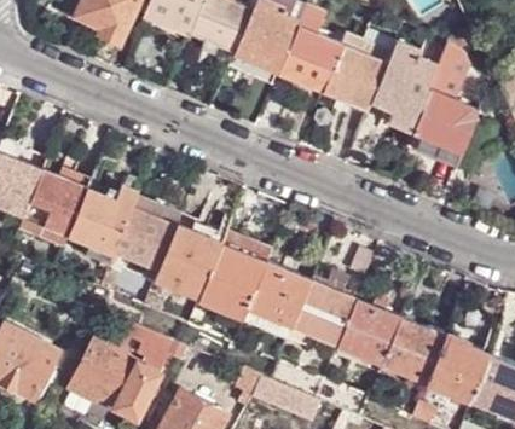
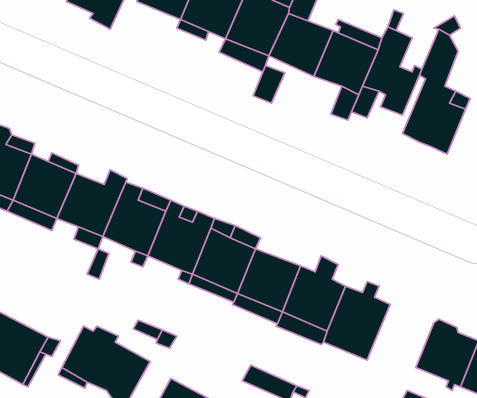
building: [378,317,442,379] -> none

